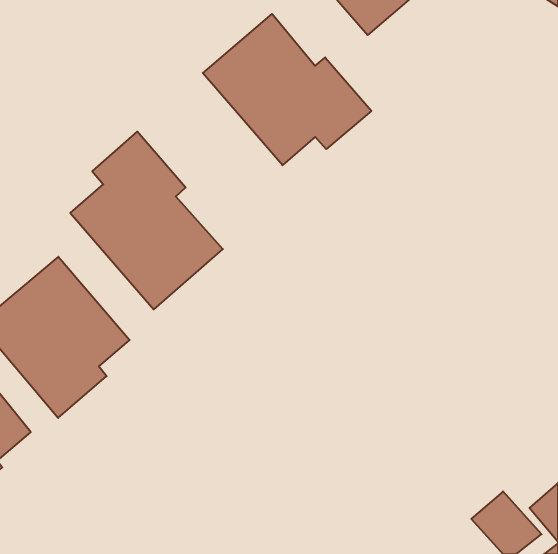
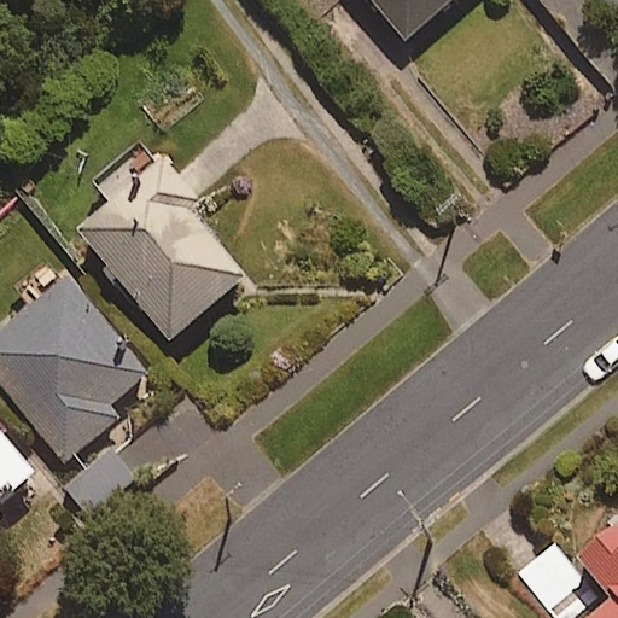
building: [203,14,371,165] -> none

